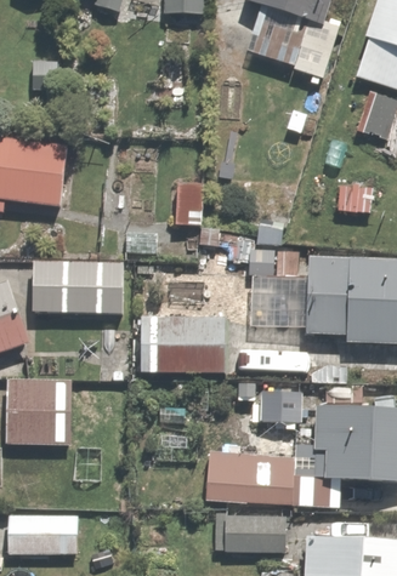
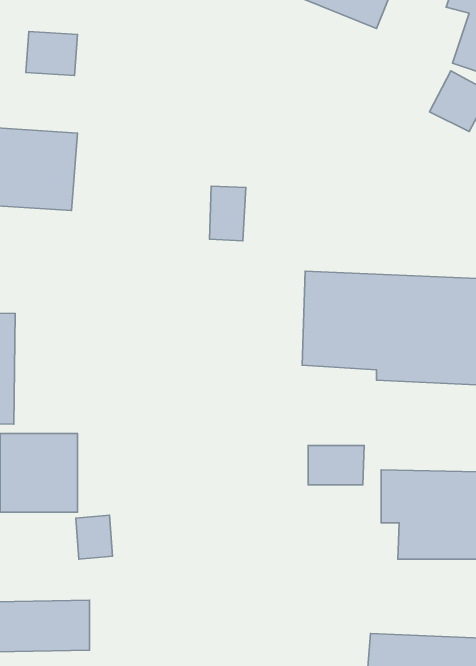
building: [29,263,123,313] -> none
building: [136,316,227,378] -> none
building: [202,449,310,502] -> none
building: [219,512,280,554] -> none

